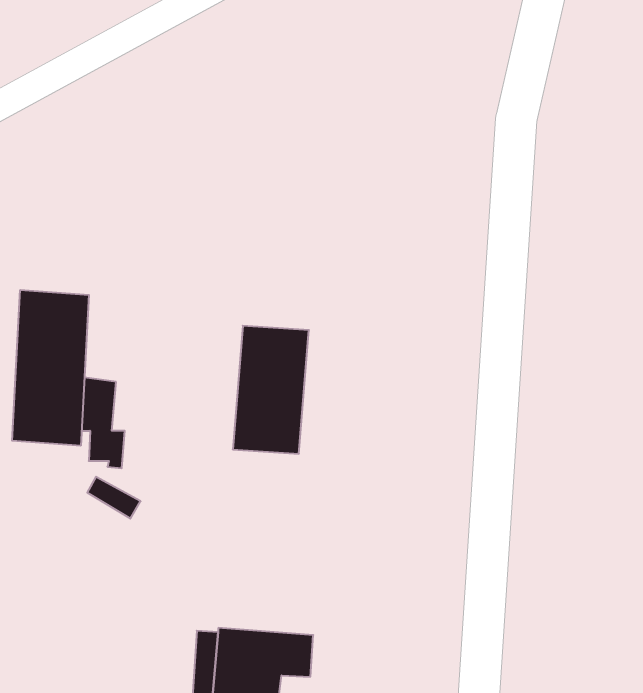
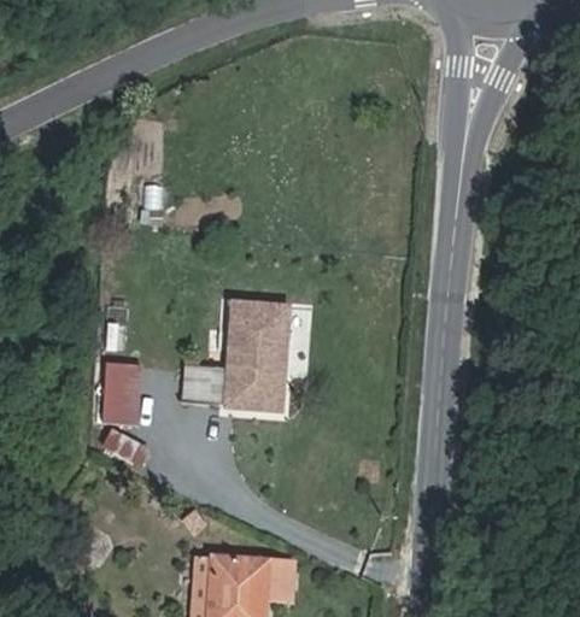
building: [12,290,89,446] -> none
building: none -> [183,360,222,405]

